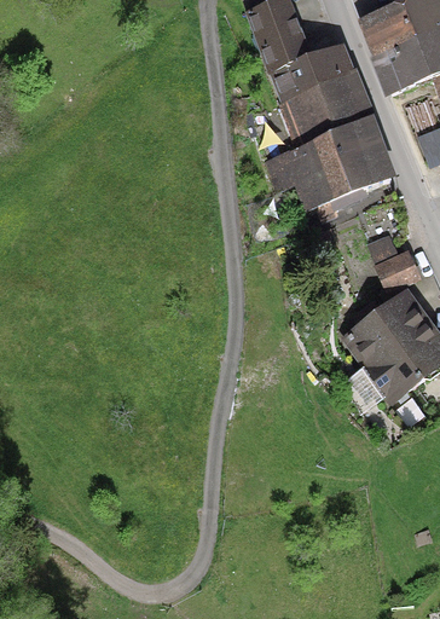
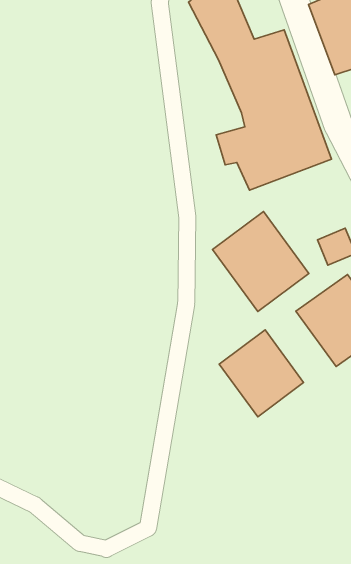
building: none -> [213,211,309,312]
building: none -> [219,330,304,417]

